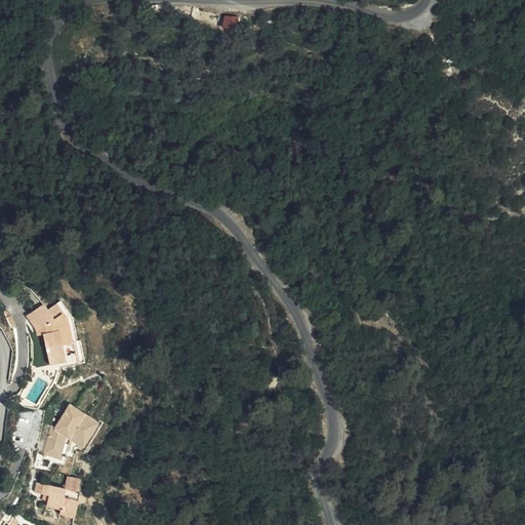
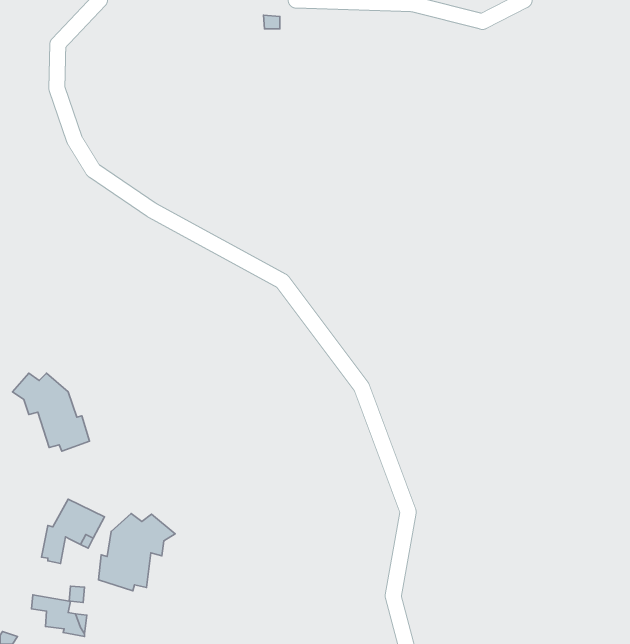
building: none -> [99,514,175,591]

